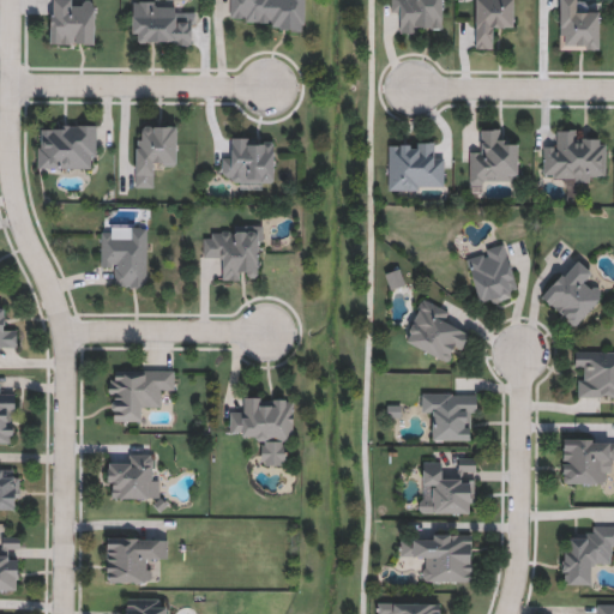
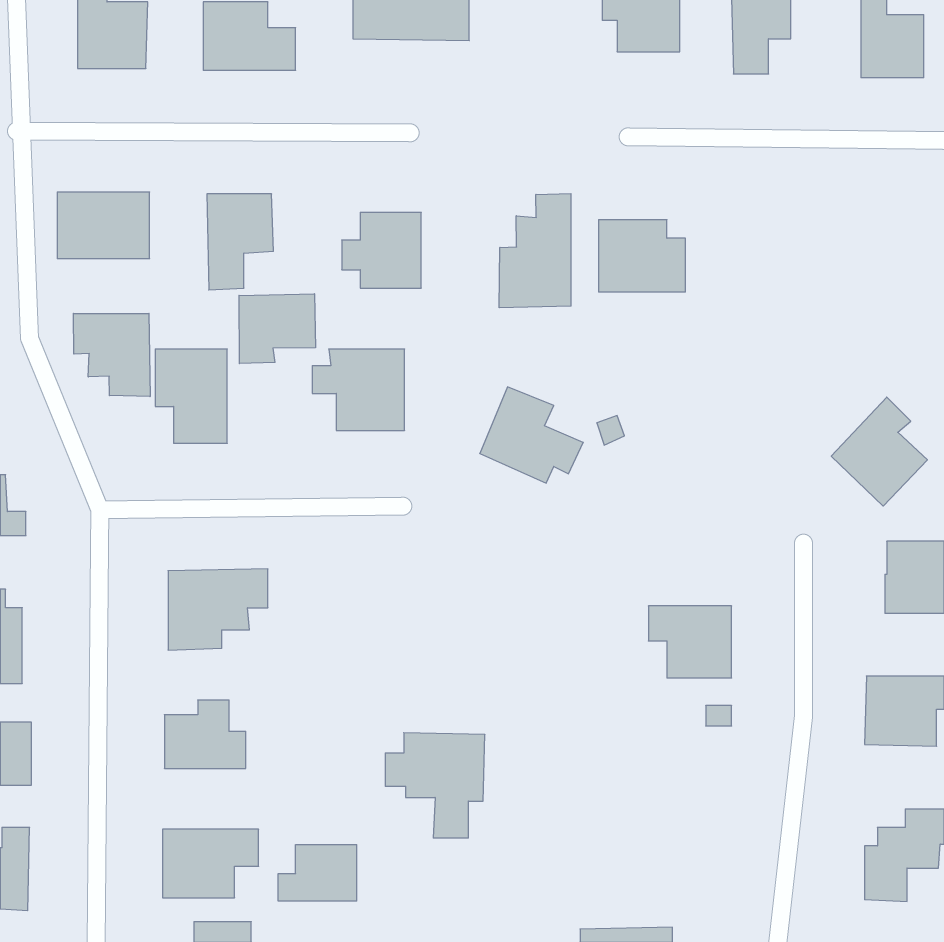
building: none -> [499,194,571,308]
building: [469,130,518,182] -> none
building: [543,131,606,182] -> none
building: none -> [239,294,315,364]
building: none -> [73,313,150,397]
building: [465,243,519,307] -> none
building: [403,299,470,361] -> [480,387,583,483]
building: [229,397,294,465] -> [385,733,485,838]
building: [420,462,475,513] -> none
building: [399,534,471,582] -> none
building: none -> [278,845,357,901]

